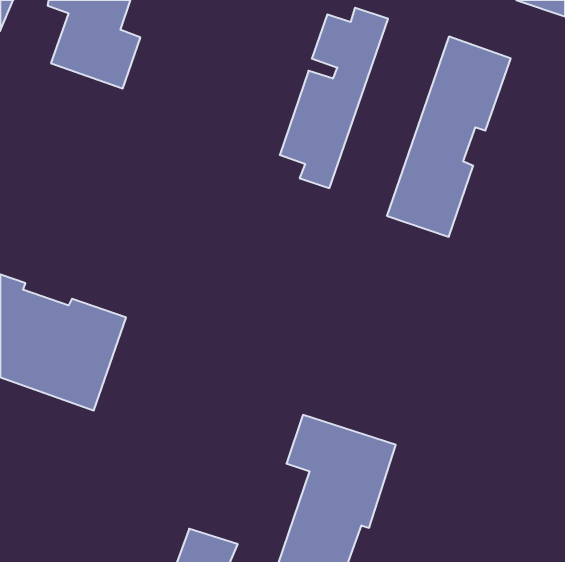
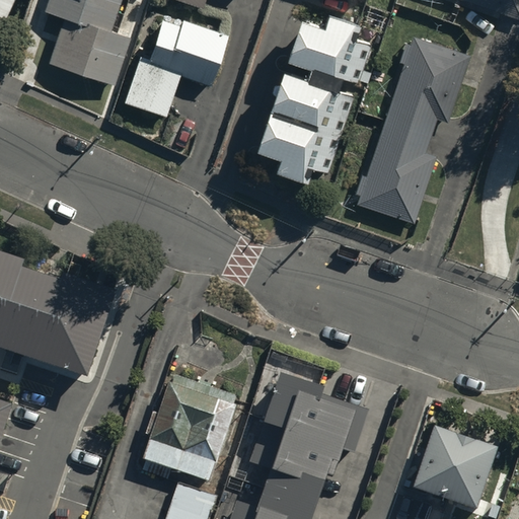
building: none -> [122,12,227,117]
building: none -> [141,378,239,484]
building: none -> [417,429,500,510]

